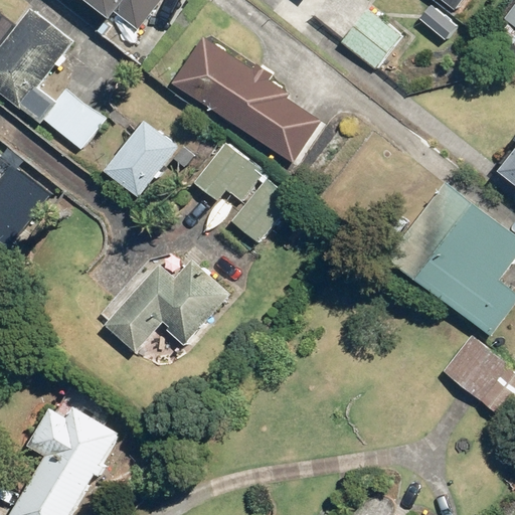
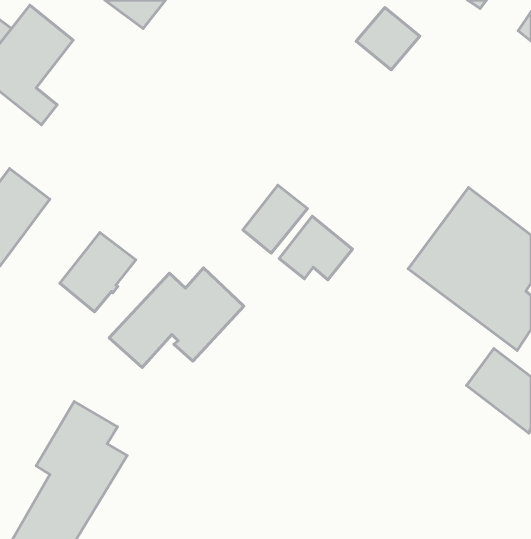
building: [171,35,319,163] -> none
building: [39,89,105,153] -> none
building: [106,120,178,195] -> [60,232,136,312]
building: [192,141,262,201] -> [279,216,352,280]

